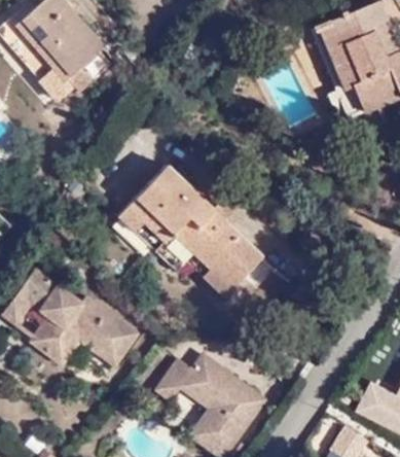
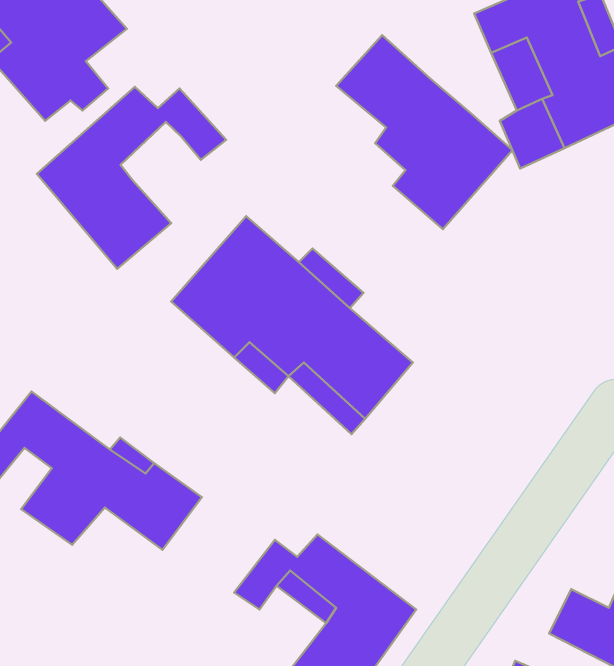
building: none -> [336,35,512,229]
building: none -> [37,87,226,269]

